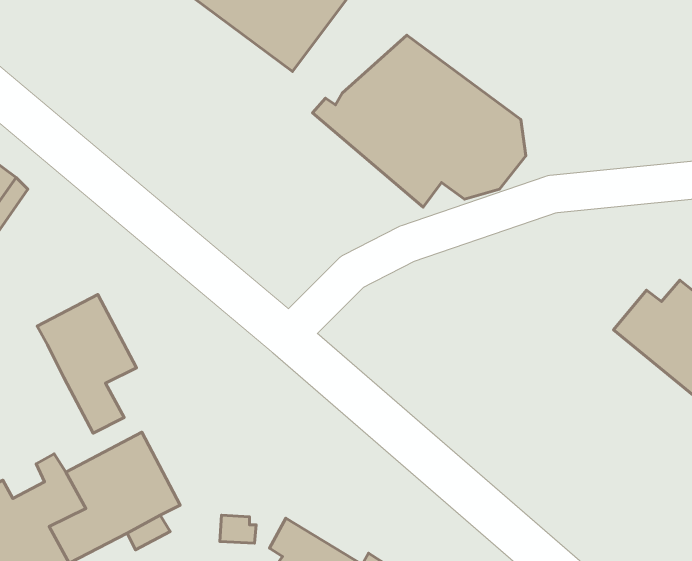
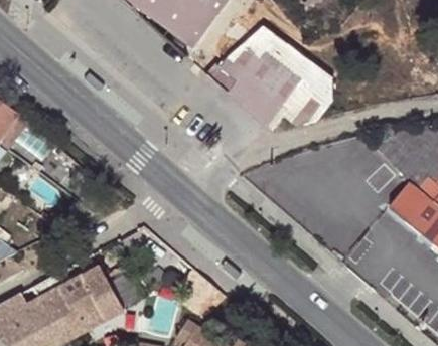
building: [37,294,136,433] -> none

